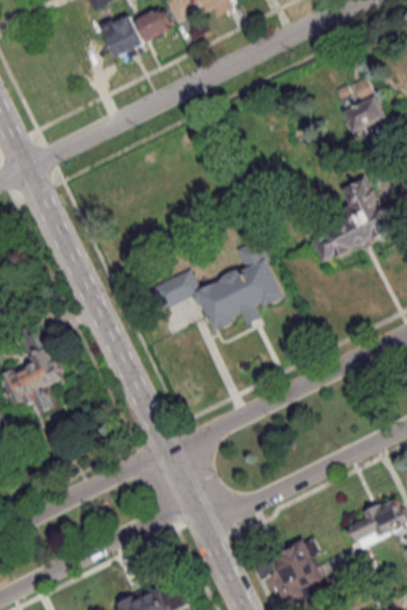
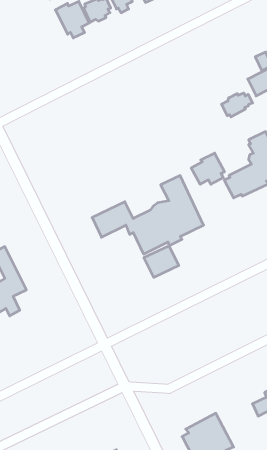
building: none -> [222,93,253,117]
building: none -> [191,153,224,184]
building: none -> [144,246,179,277]

